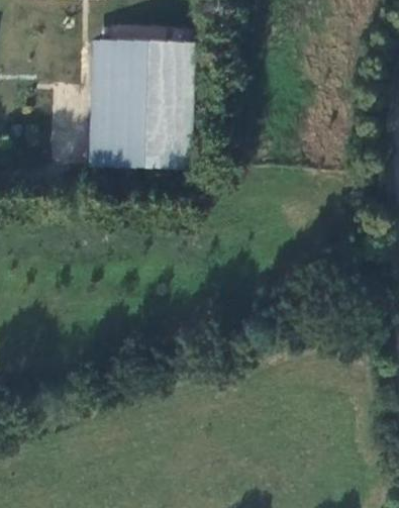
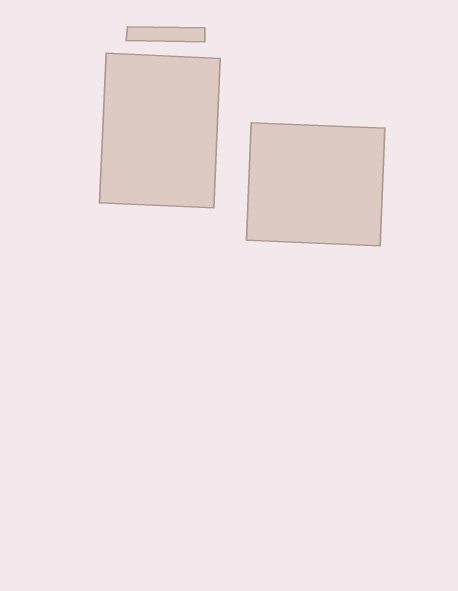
building: none -> [246,123,385,246]

